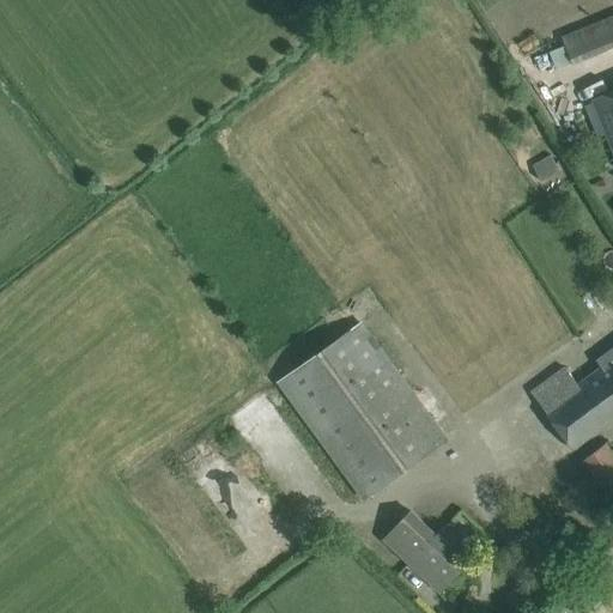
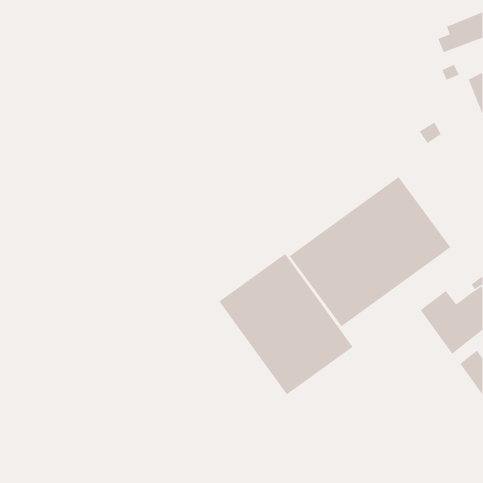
building: none -> [289,176,451,327]
building: [383,511,472,591] -> none

